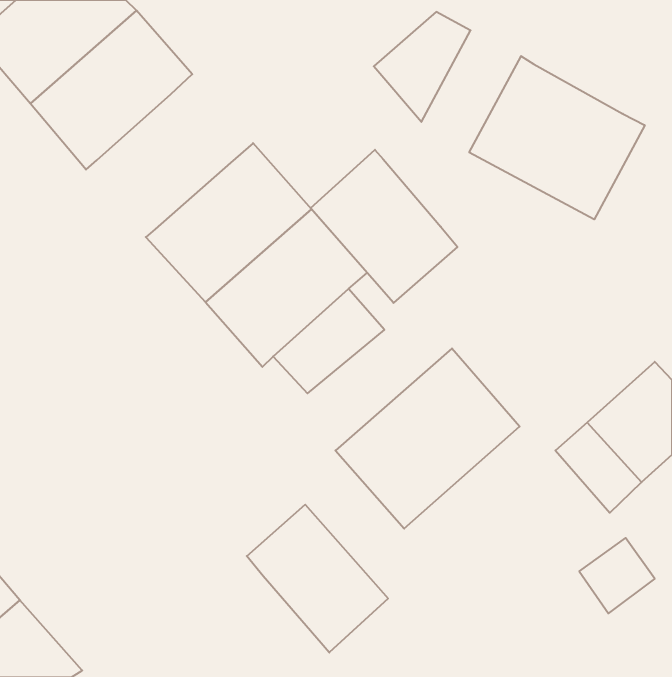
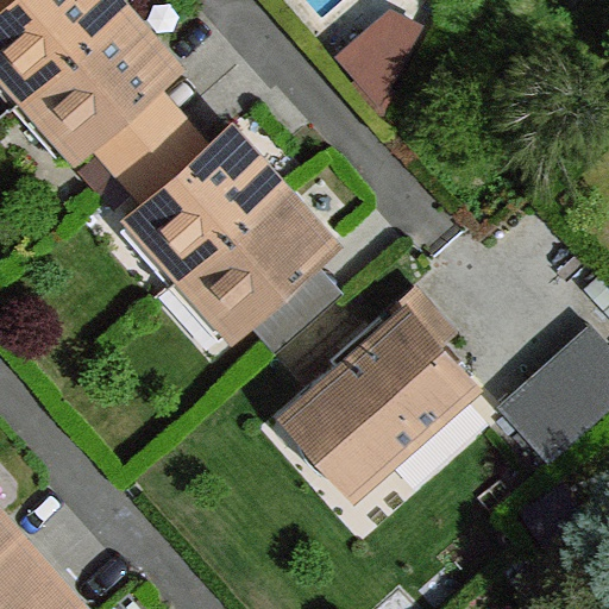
building: [469,56,645,219] -> none
building: none -> [87,84,207,206]
building: [310,150,457,303] -> none
building: [247,505,388,653] -> none

